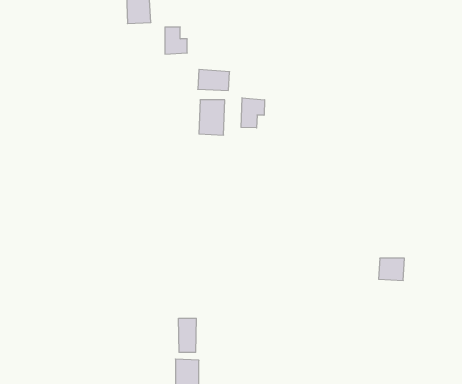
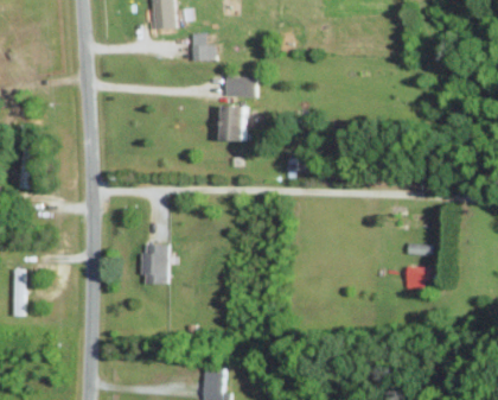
building: [241,98,265,128] -> none
building: none -> [142,245,170,284]
building: [179,318,196,352] -> none

